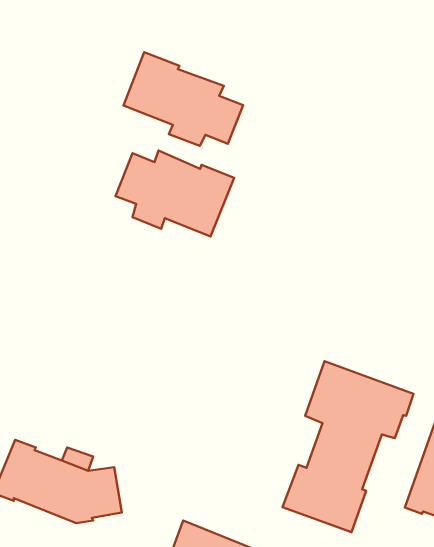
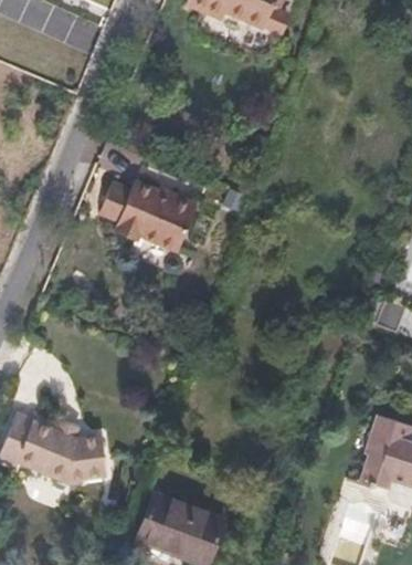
building: [124,52,243,146] -> none
building: [283,361,414,532] -> none

